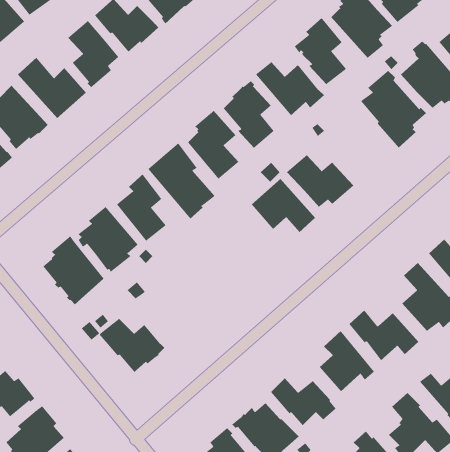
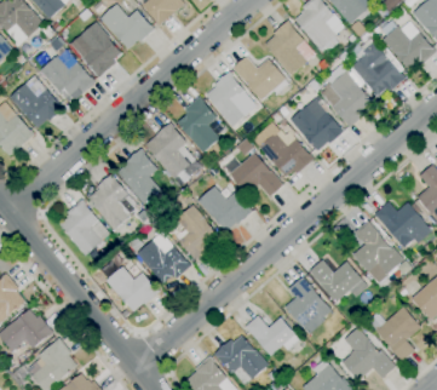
building: none -> [292,101,345,151]
building: none -> [199,187,252,231]
building: none -> [168,206,223,263]
building: none -> [137,234,191,285]

